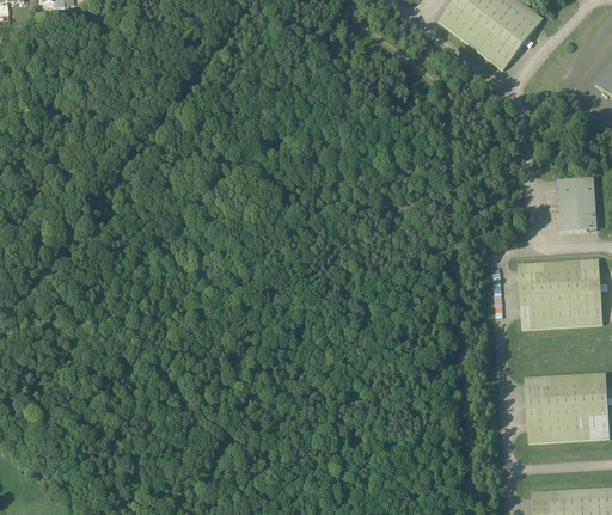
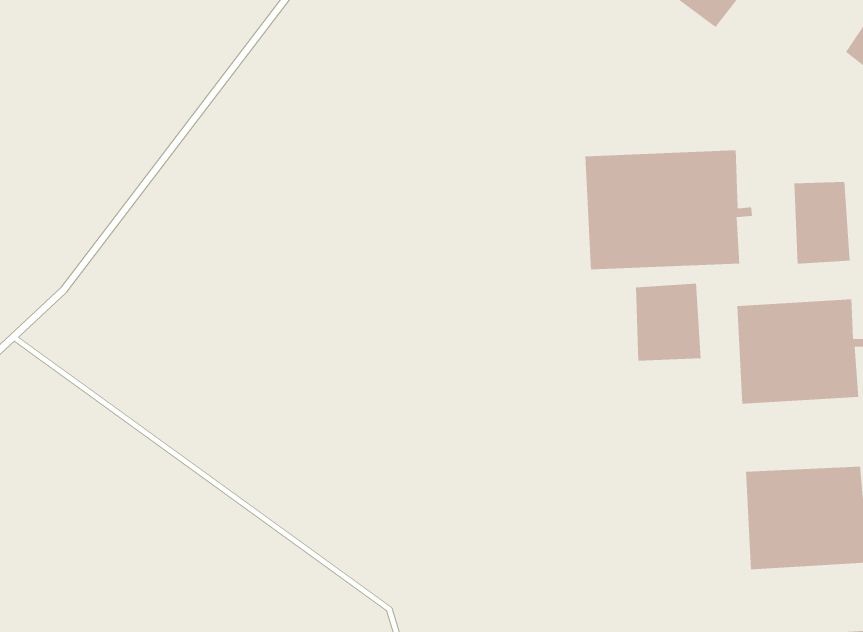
building: none -> [585,150,753,270]
building: none -> [636,283,701,361]

